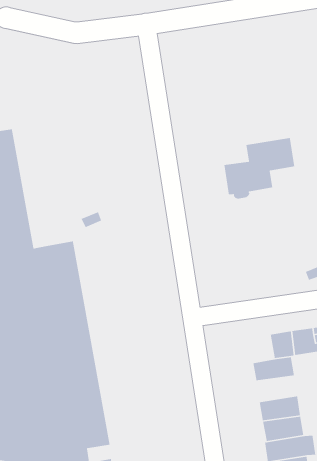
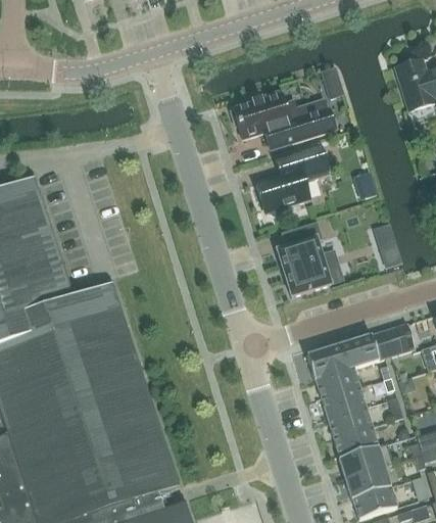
building: none -> [230,91,335,149]
building: none -> [277,222,340,296]
building: none -> [306,348,336,380]
building: none -> [321,387,366,419]

